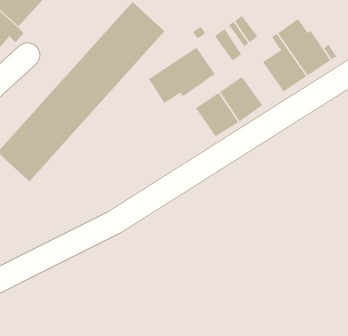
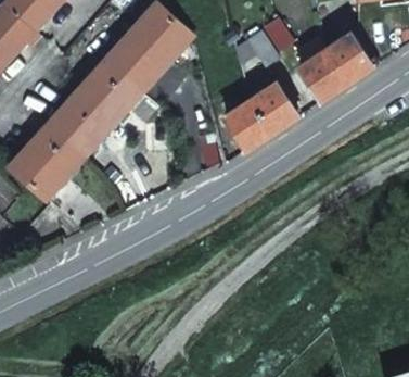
building: [148,47,216,104] -> none

